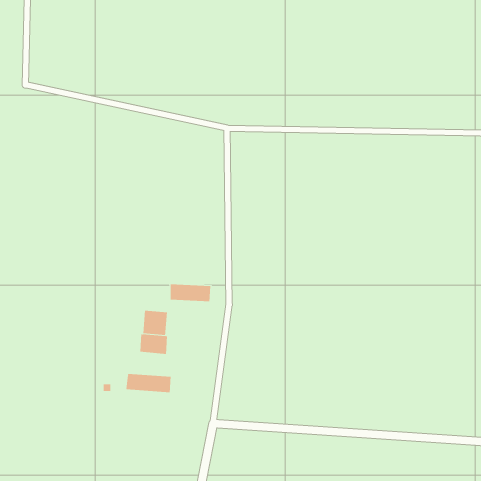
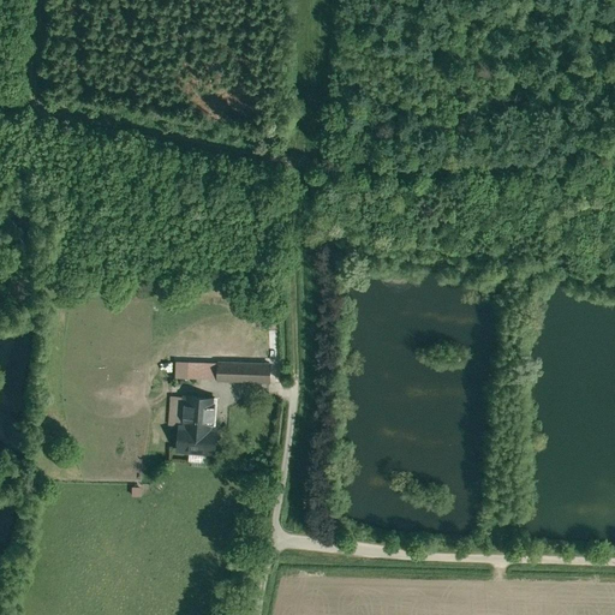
building: none -> [173,362,216,380]
building: [126,373,171,393] -> none

